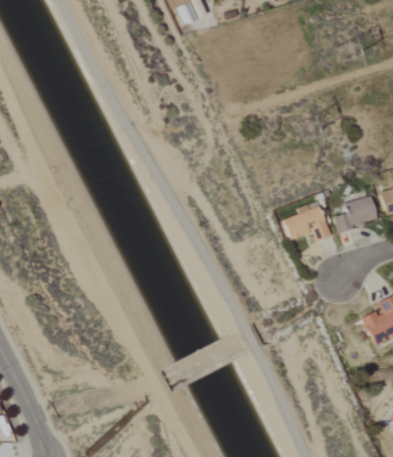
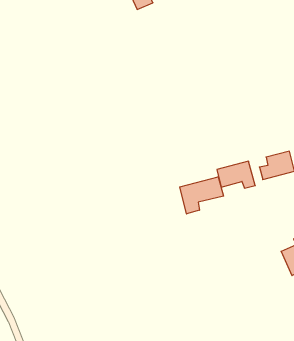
building: none -> [180,177,224,214]

